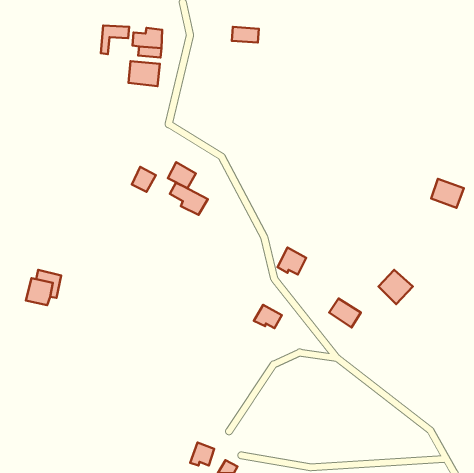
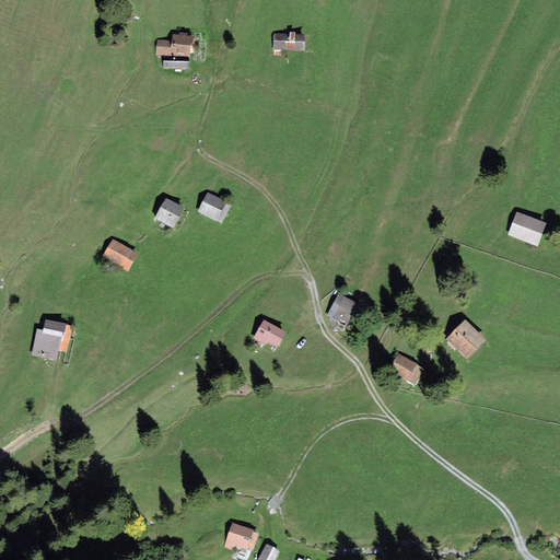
building: [101,26,129,54] -> none
building: [129,61,160,86] -> none
building: [170,183,208,215] -> none
building: none -> [102,237,138,270]
building: [254,305,282,328] -> [253,318,285,346]

